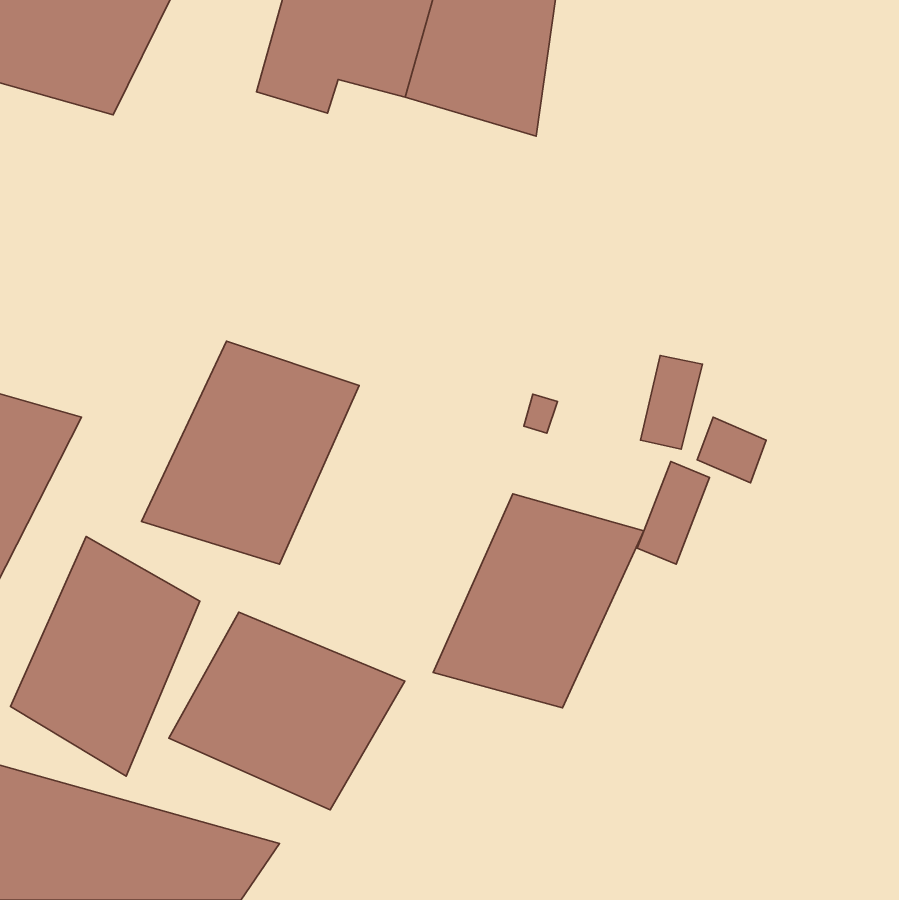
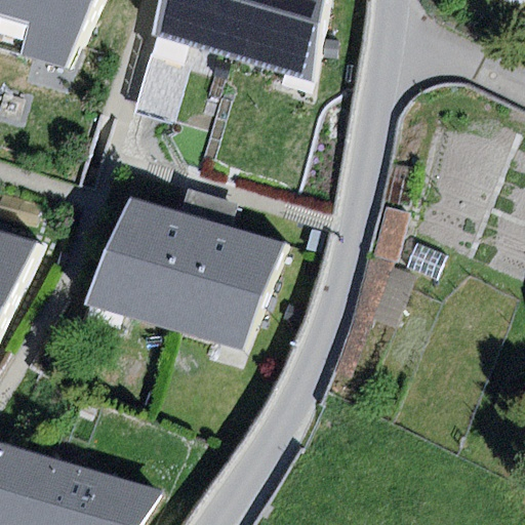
building: [433,494,644,708] -> [162,224,284,348]
building: [10,536,200,776] -> none
building: [169,612,405,810] -> none

